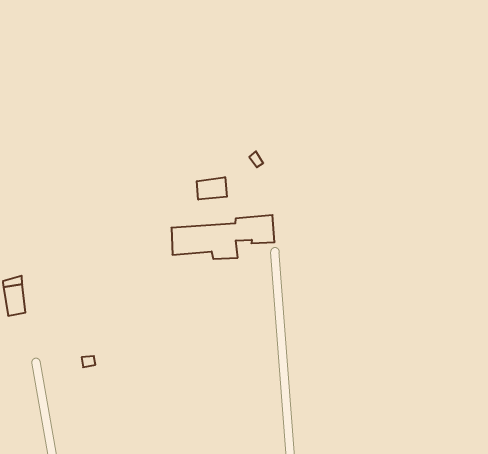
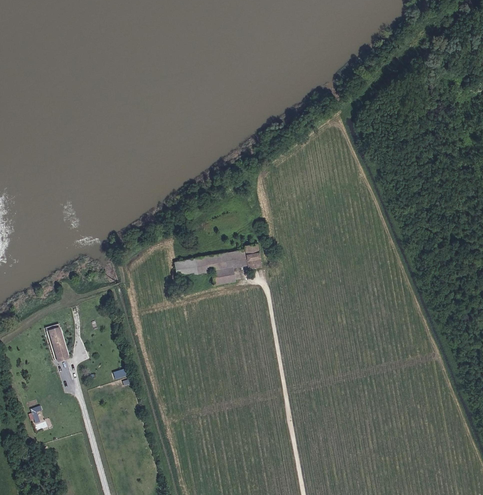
building: [197,177,227,200] -> none

